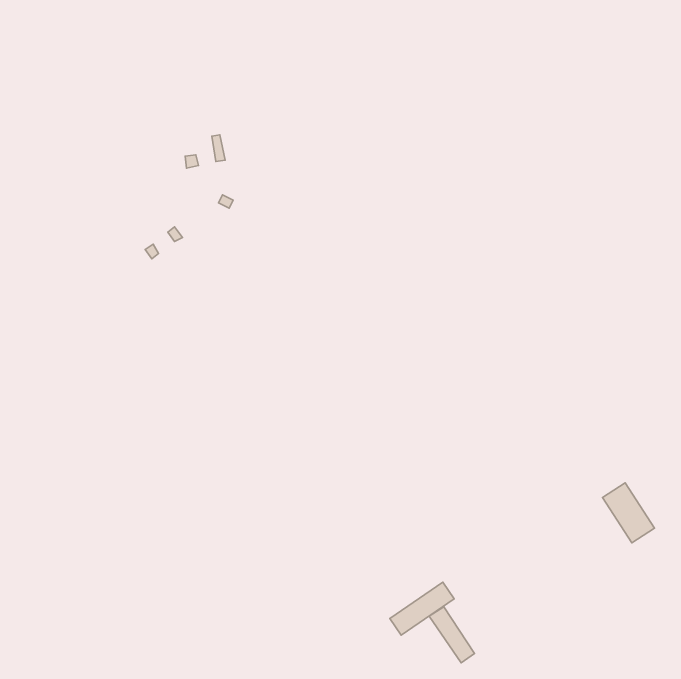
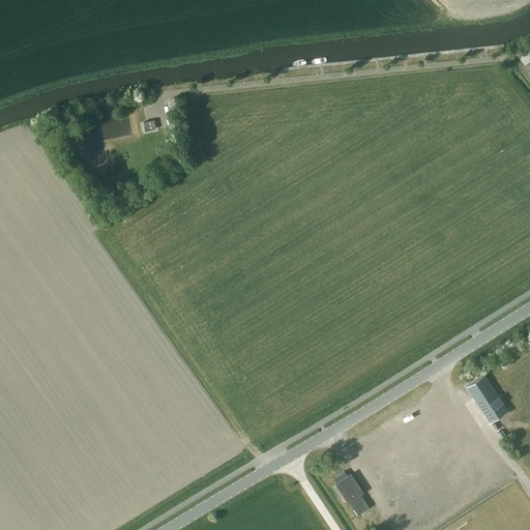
building: [390,582,454,635] -> none

